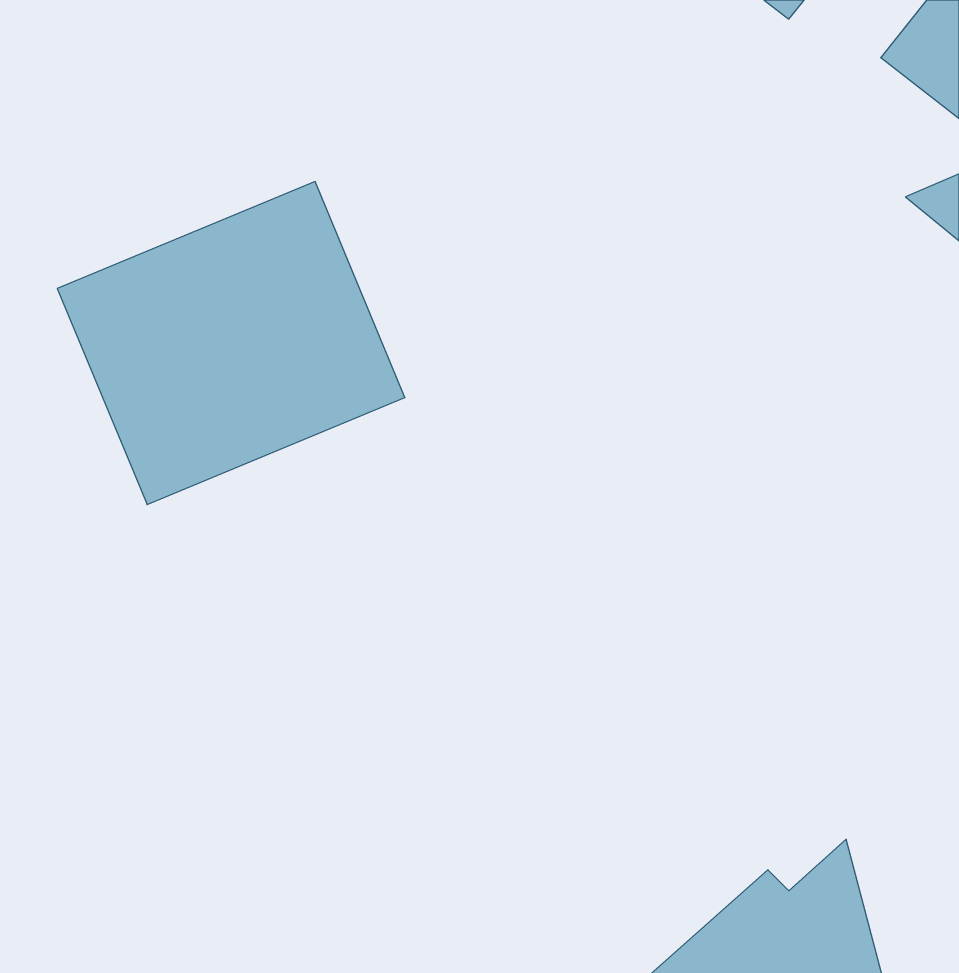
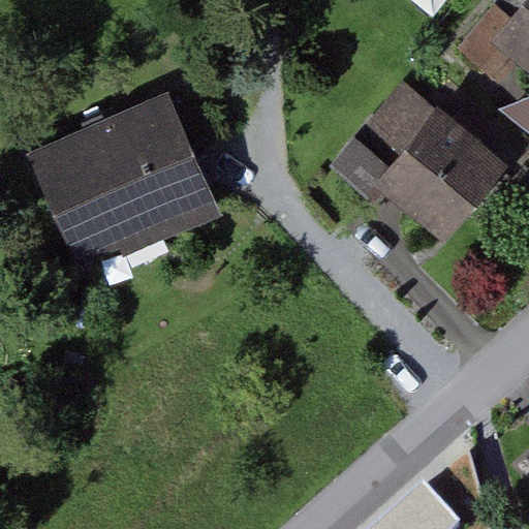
building: none -> [343,84,505,239]

